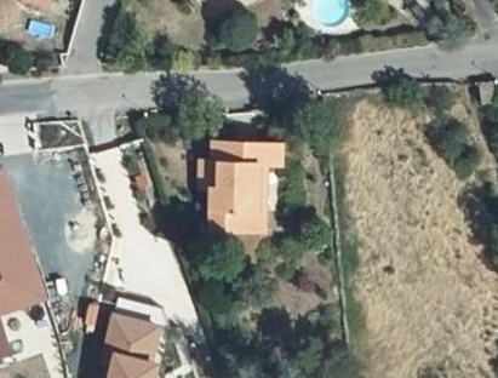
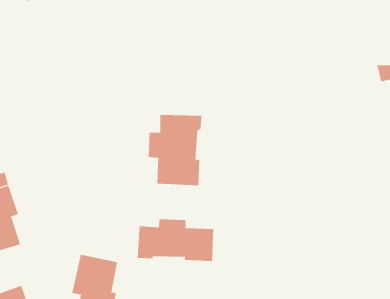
building: none -> [137,218,214,262]

